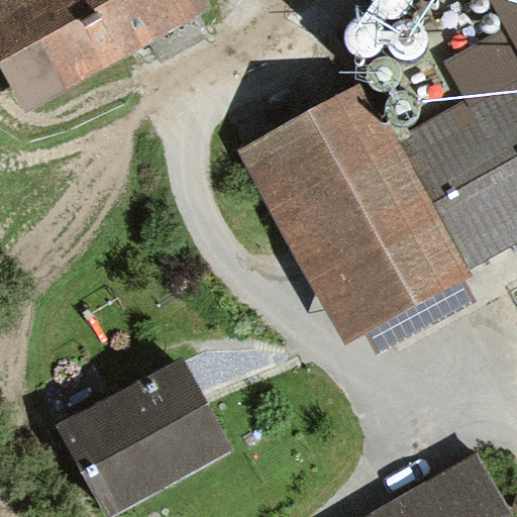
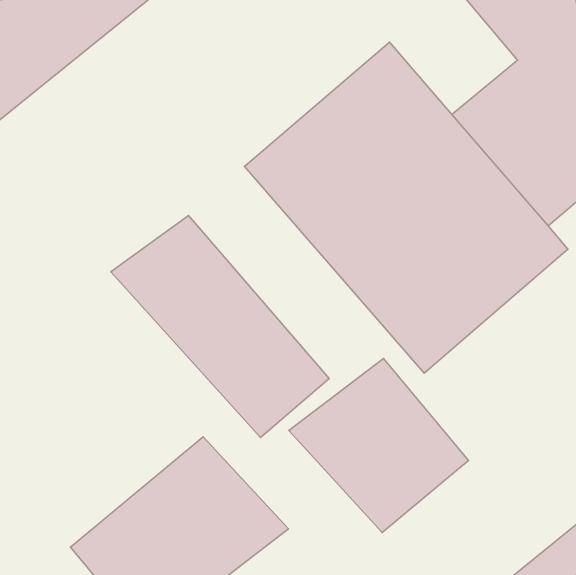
building: none -> [111,216,329,438]
building: none -> [289,359,469,533]

